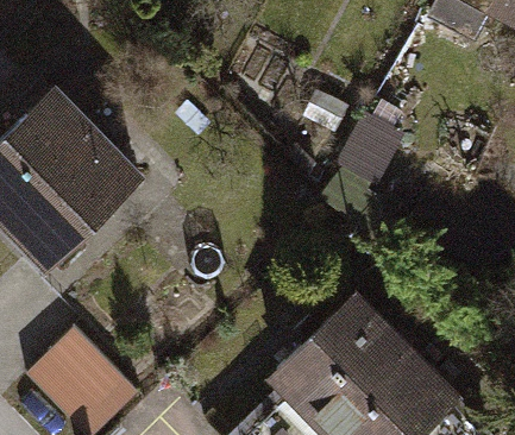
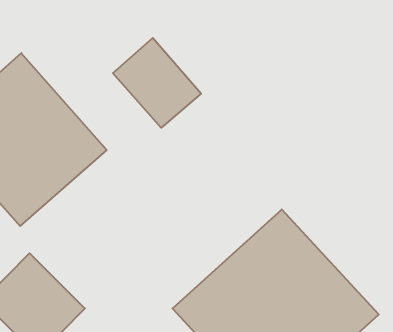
building: none -> [113,38,201,128]

